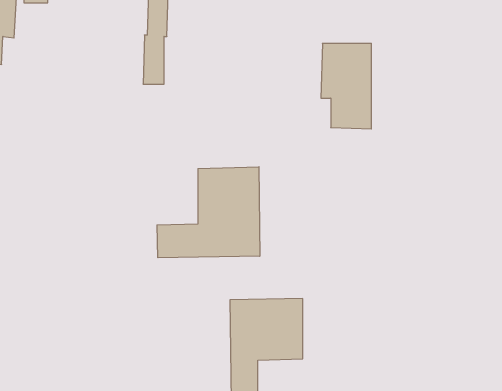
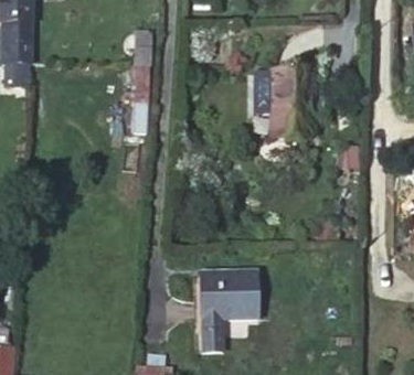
building: [157,167,260,258] -> none

